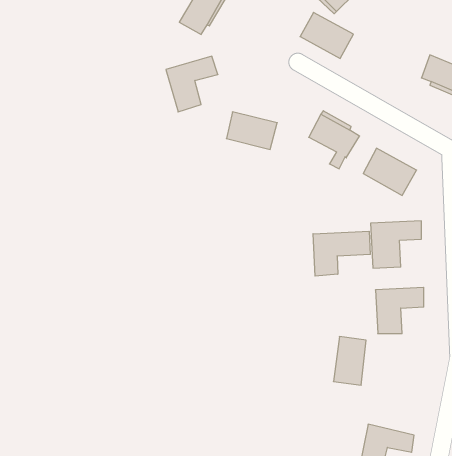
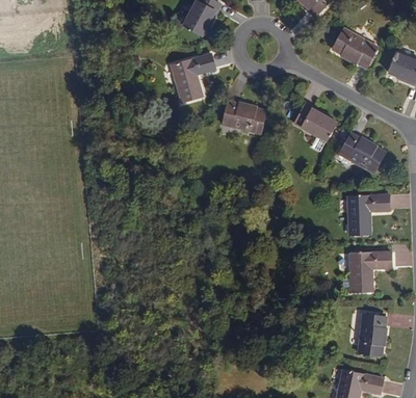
building: [300,12,353,58] -> [332,27,378,67]
building: [313,231,370,276] -> none
building: [333,337,366,385] -> [358,314,386,355]

